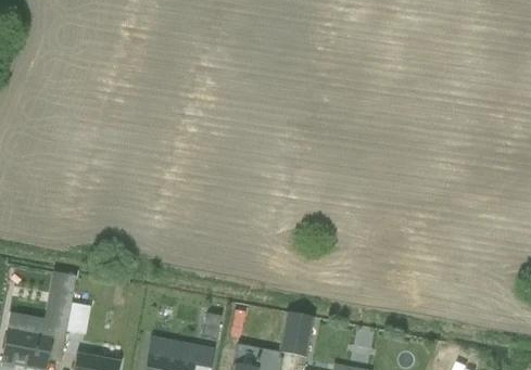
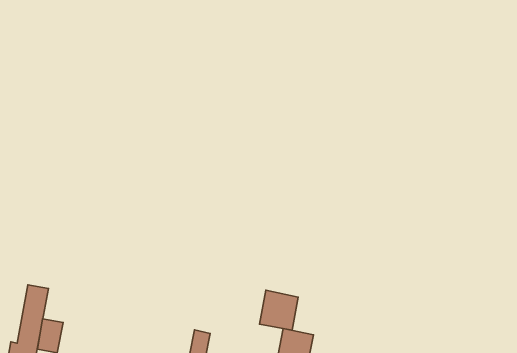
building: none -> [259,290,298,330]

